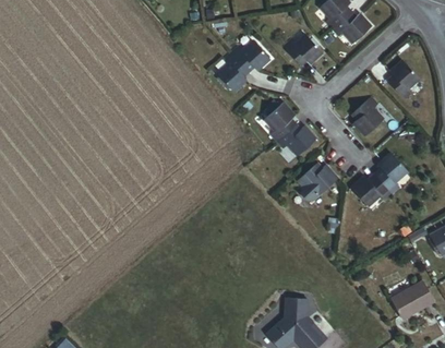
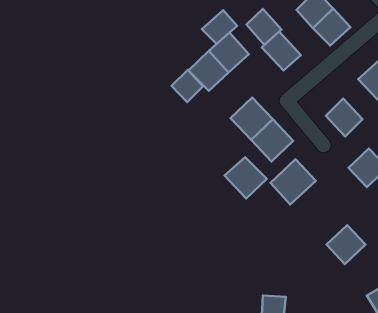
building: none -> [247,9,281,45]
building: none -> [202,10,237,44]
building: none -> [171,70,203,102]
building: none -> [225,157,267,198]
building: [353,169,393,208] -> [326,225,365,264]

